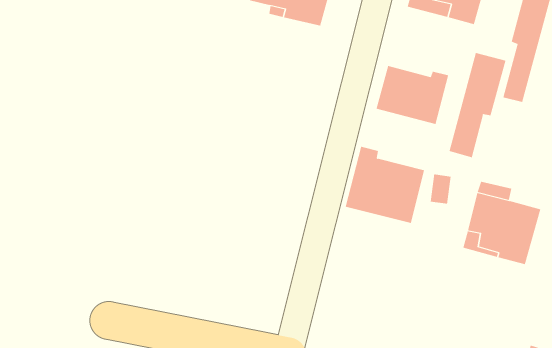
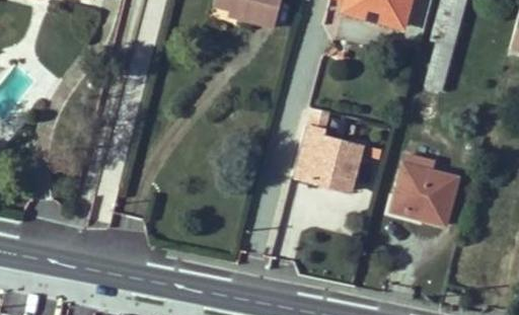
building: [449,52,506,158] -> none
building: [376,65,449,125] -> none

